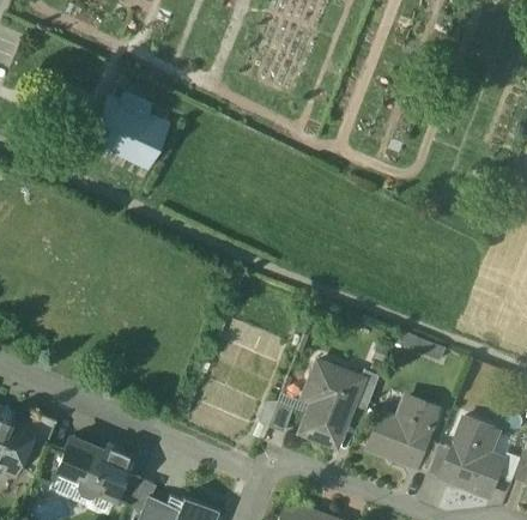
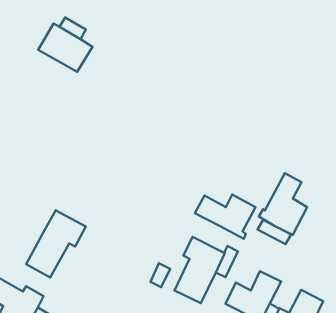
building: none -> [259,173,307,235]
building: none -> [195,194,255,239]
building: none -> [26,210,86,277]

